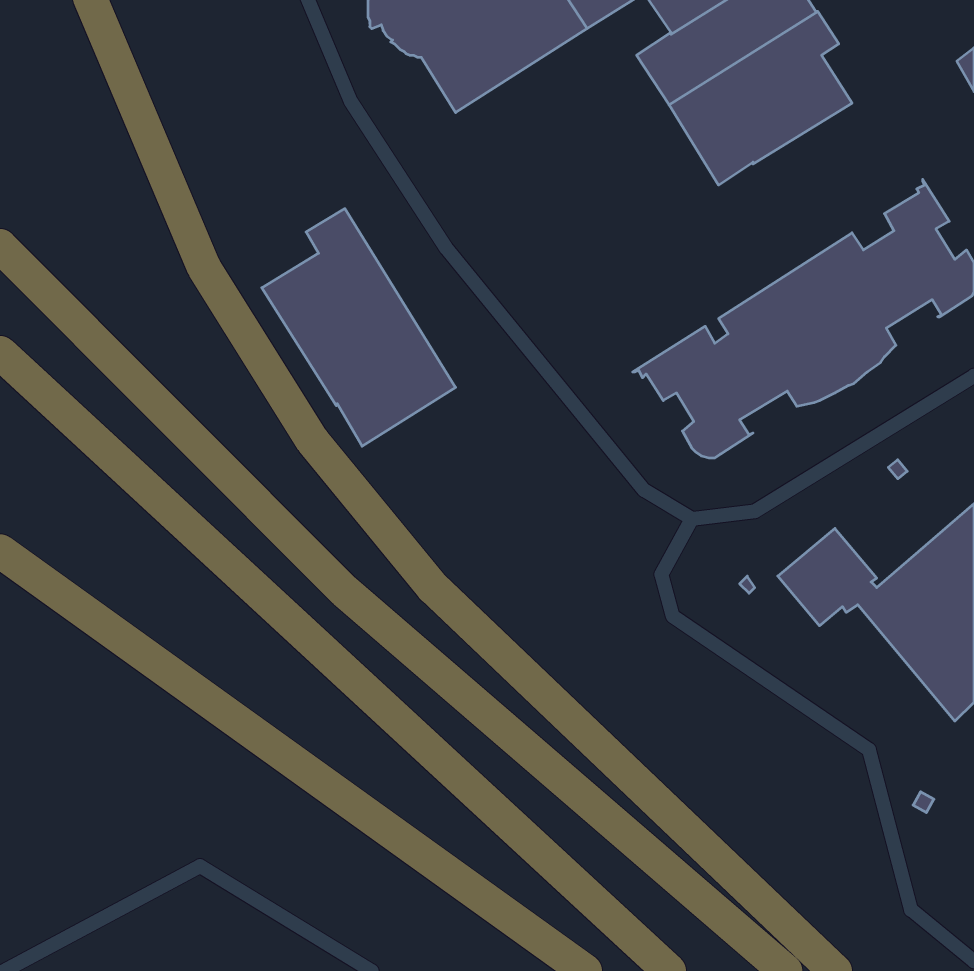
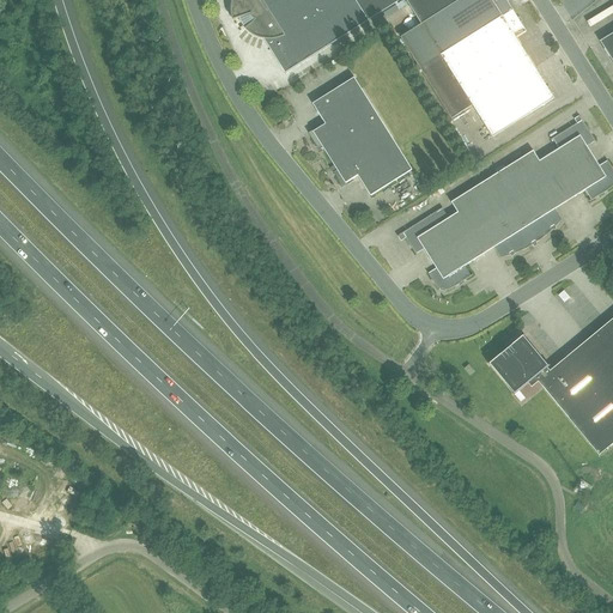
building: none -> [473,65,554,134]
building: none -> [309,74,413,193]
building: [262,209,456,446] -> none

